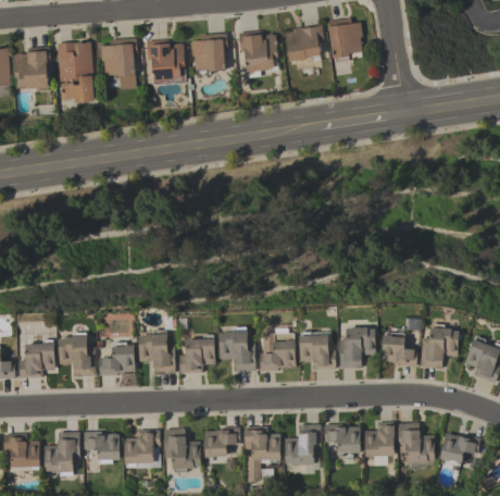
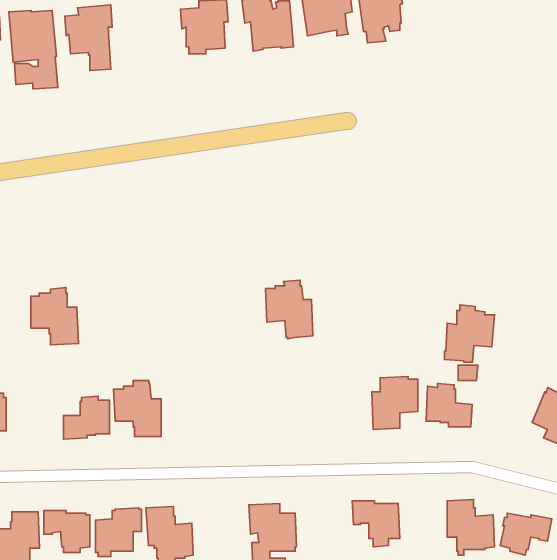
building: [147,39,185,82] -> none
building: [420,323,459,368] -> [444,305,495,362]
building: [218,326,255,372] -> [265,280,313,339]
building: [299,331,336,369] -> none
building: [59,332,96,376] -> [31,288,78,345]
building: [260,333,296,370] -> none
building: [179,334,215,373] -> none
building: [364,422,395,456] -> none
building: [285,424,321,464] -> none
building: [204,426,240,457] -> none

